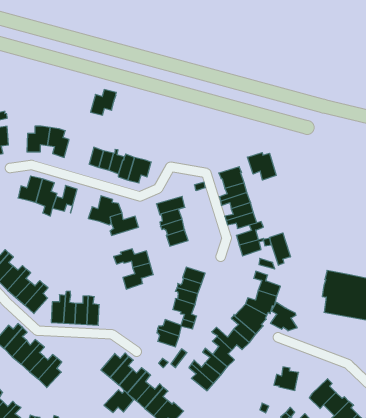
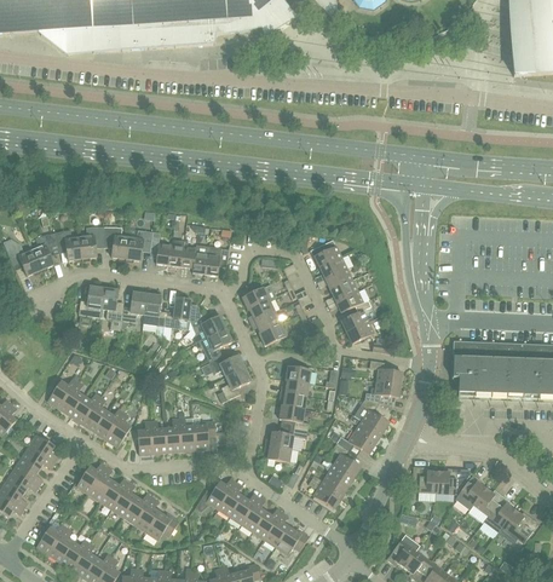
building: [91,90,116,115] -> [126,229,152,259]
building: none -> [53,229,81,260]
building: [247,153,276,180] -> none
building: none -> [143,293,167,325]
building: none -> [195,327,232,359]
building: [270,233,290,265] -> none
building: none -> [192,419,215,449]
building: [271,302,297,331] -> none
building: none -> [437,467,471,492]
building: [104,390,133,413] -> [145,511,179,538]

